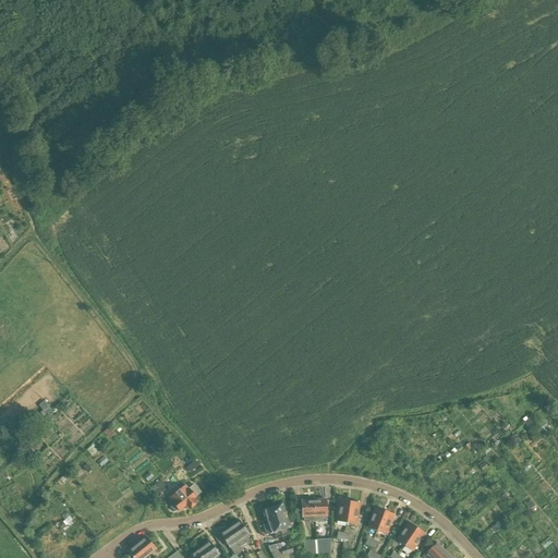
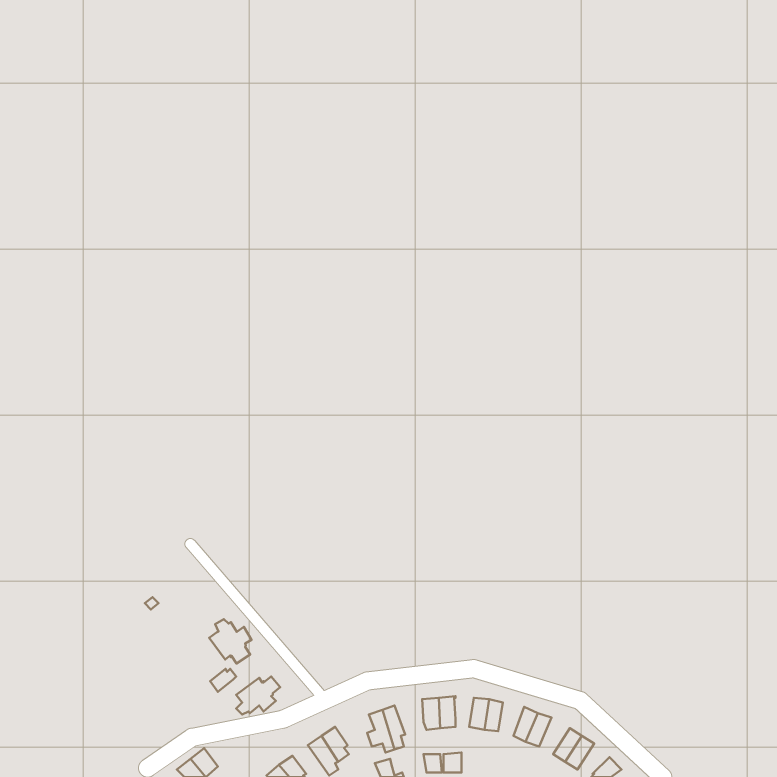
building: none -> [209,619,252,663]

